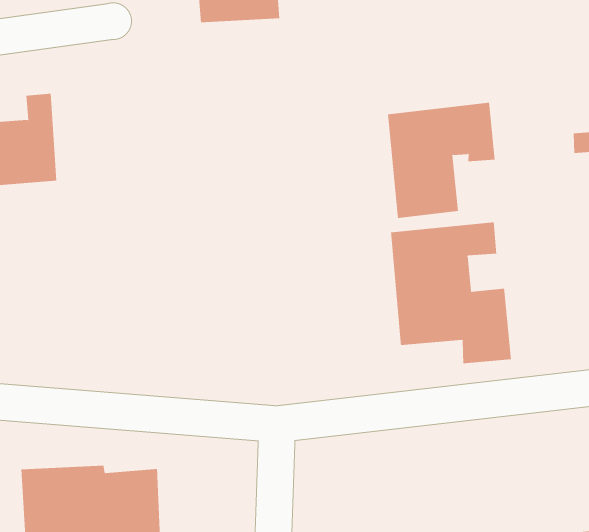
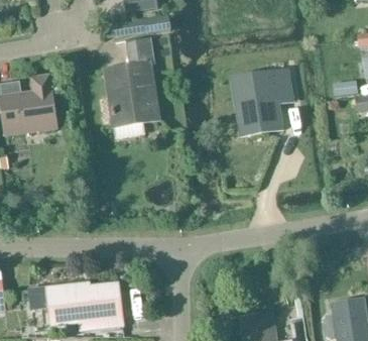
building: none -> [103,36,158,126]
building: [391,222,511,364] -> none

